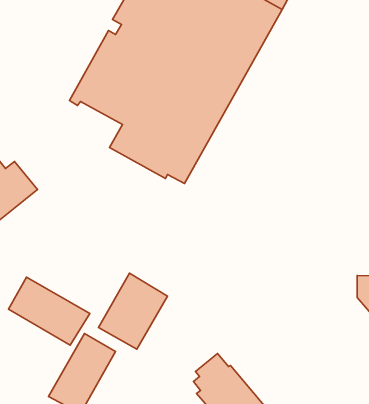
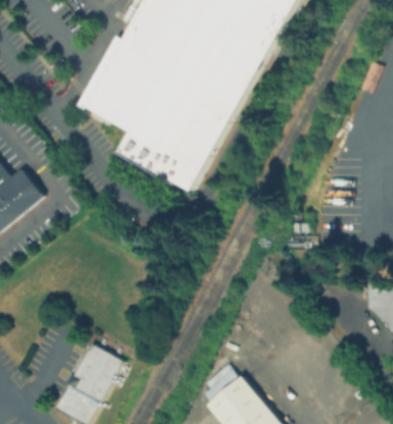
building: [98,273,168,349] -> none
building: [8,277,90,345] -> none

